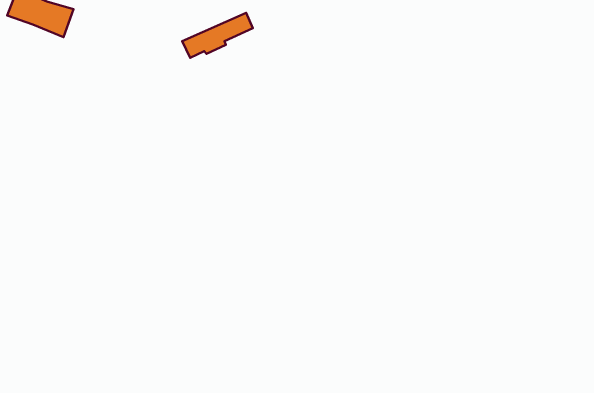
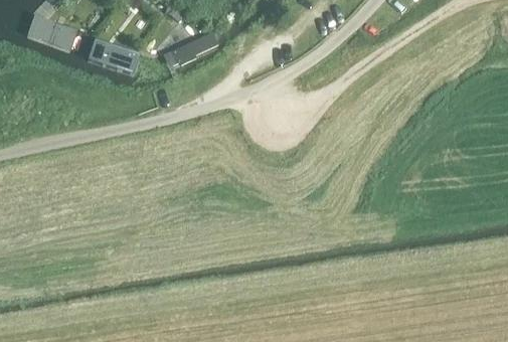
building: none -> [95,39,141,70]

